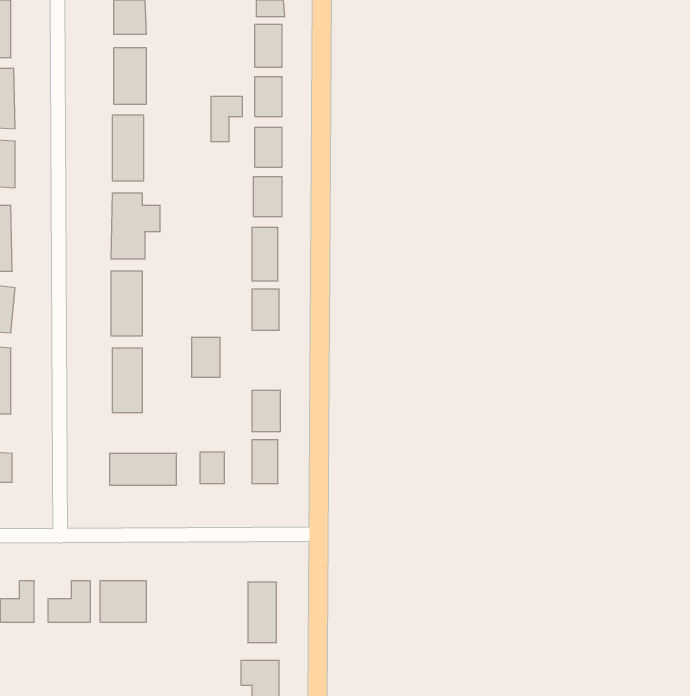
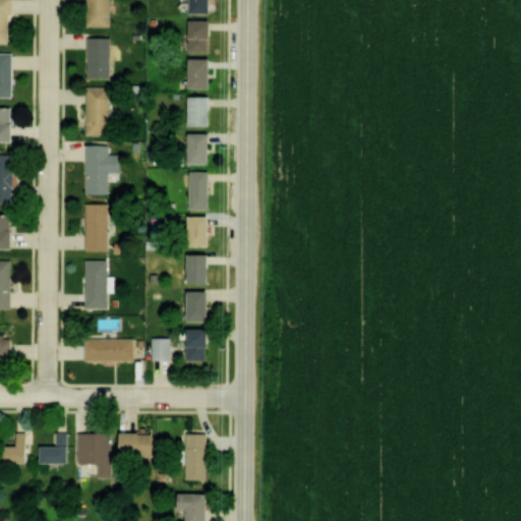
building: [211,96,242,142] -> none
building: [191,337,220,377] -> [188,255,210,285]
building: none -> [118,435,154,457]

